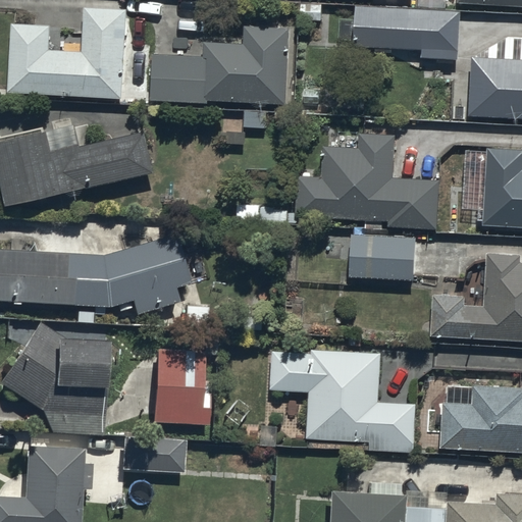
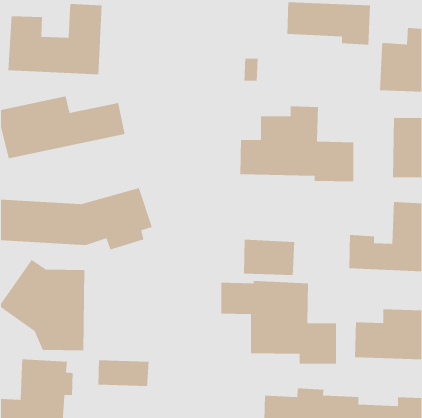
building: [152,29,289,104] -> none
building: [350,234,414,280] -> [243,239,295,276]
building: [154,351,208,424] -> none

